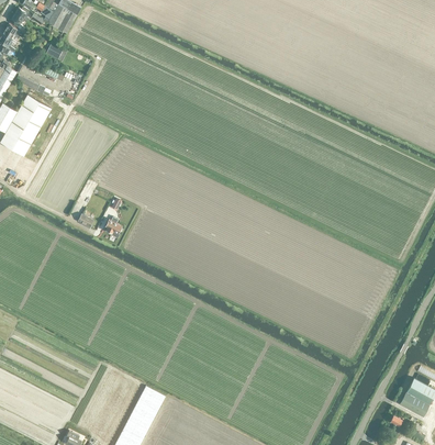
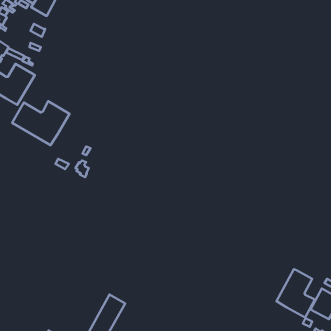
building: none -> [12,101,69,145]
building: none -> [276,269,315,317]

